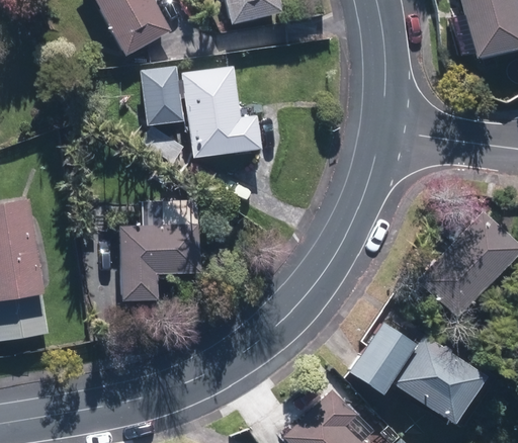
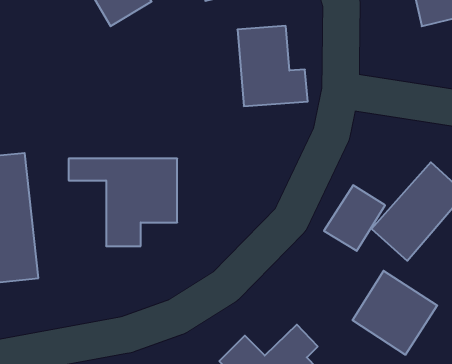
building: [184,68,262,157] -> [237,26,308,106]
building: [141,69,183,127] -> none
building: [349,321,417,393] -> [324,185,385,251]

